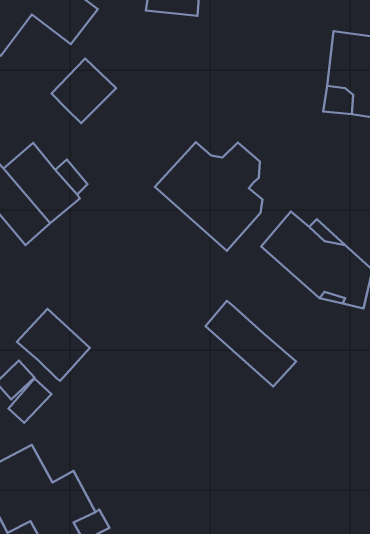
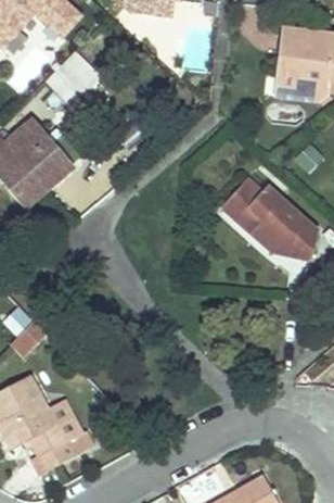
building: [155,142,262,251] -> none
building: [205,301,296,387] -> none
building: [17,309,90,381] -> none

